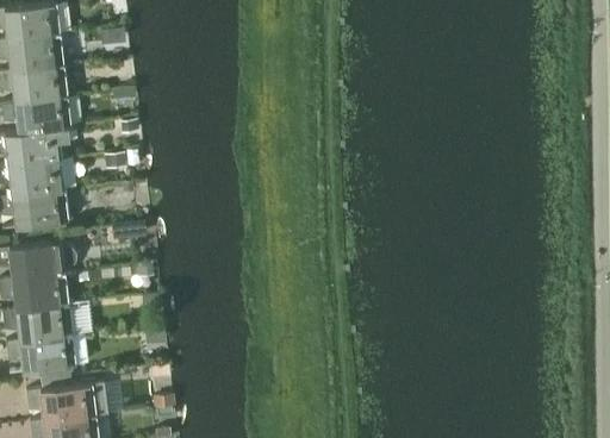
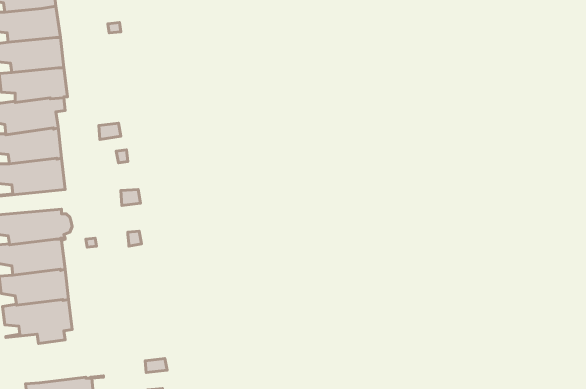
building: [29,381,111,421] -> none

